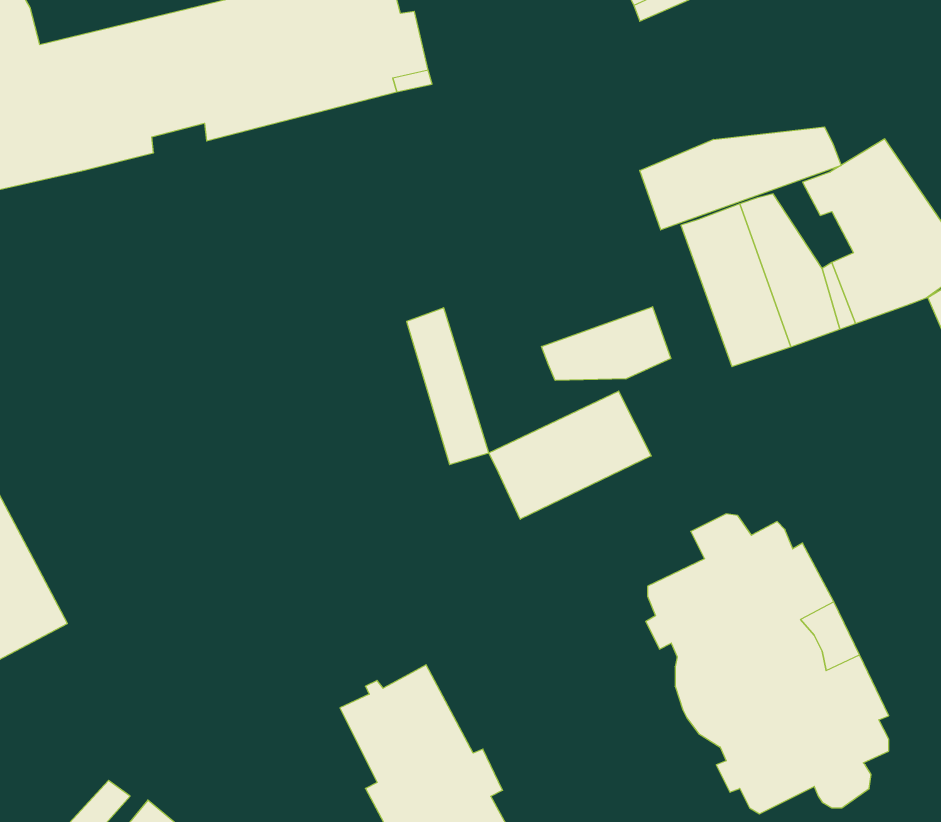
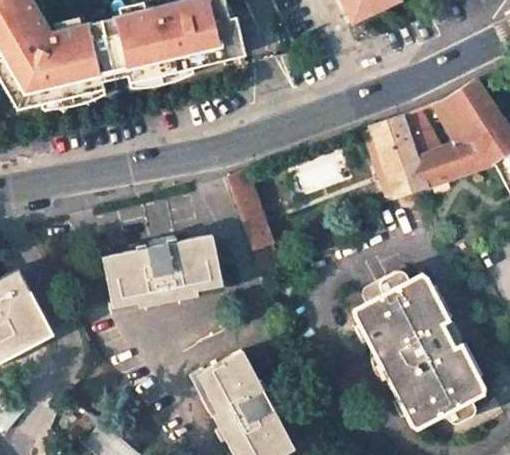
building: [640,127,841,230] -> none
building: [542,307,671,380] -> none
building: [489,391,651,519] -> none
building: none -> [103,235,222,305]

